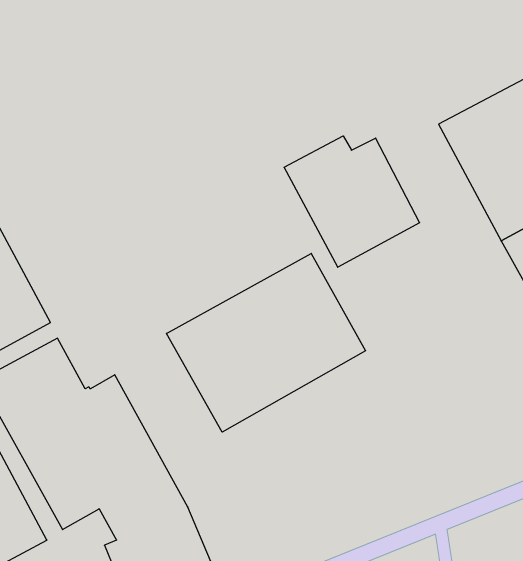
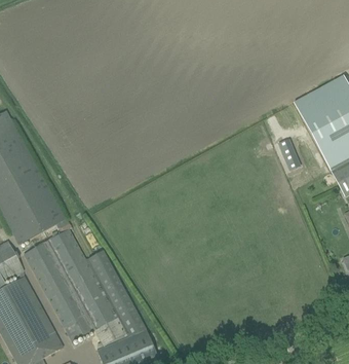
building: [284,136,420,267] -> none
building: [166,253,366,432] -> none

